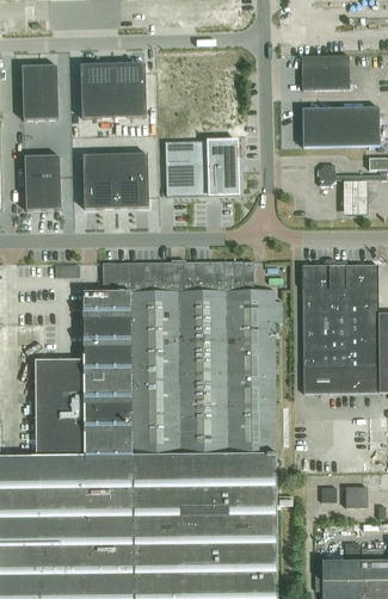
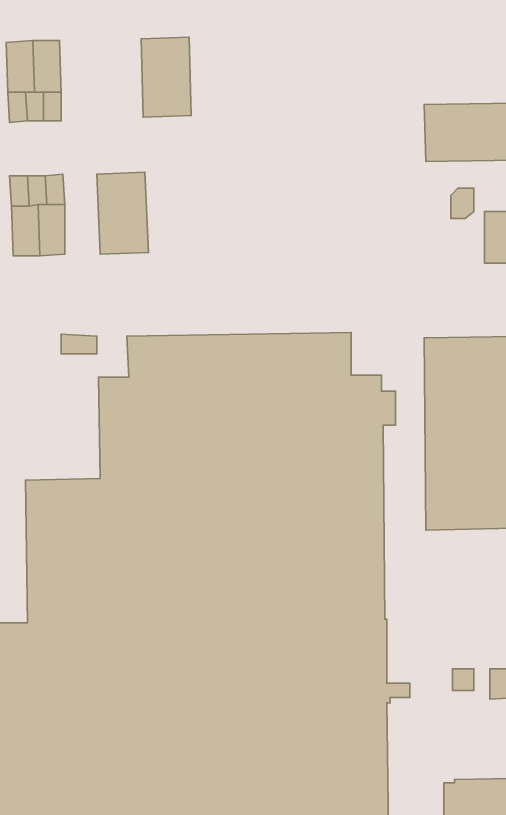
building: [302,55,350,89] -> none
building: [80,64,113,118] -> none
building: [165,140,239,197] -> none
building: [115,154,149,208] -> none

